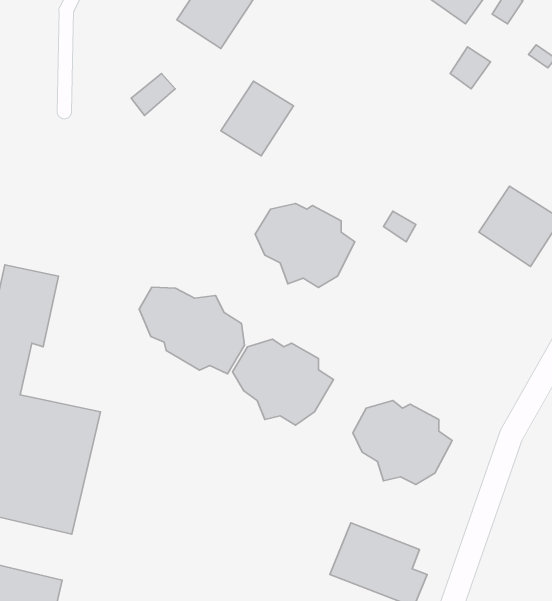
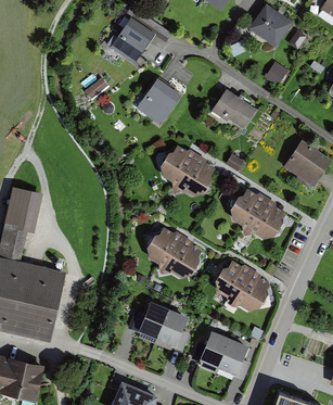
building: none -> [210,89,256,131]
building: none -> [225,193,281,241]
building: [139,287,245,374] -> none
building: none -> [136,302,191,351]

